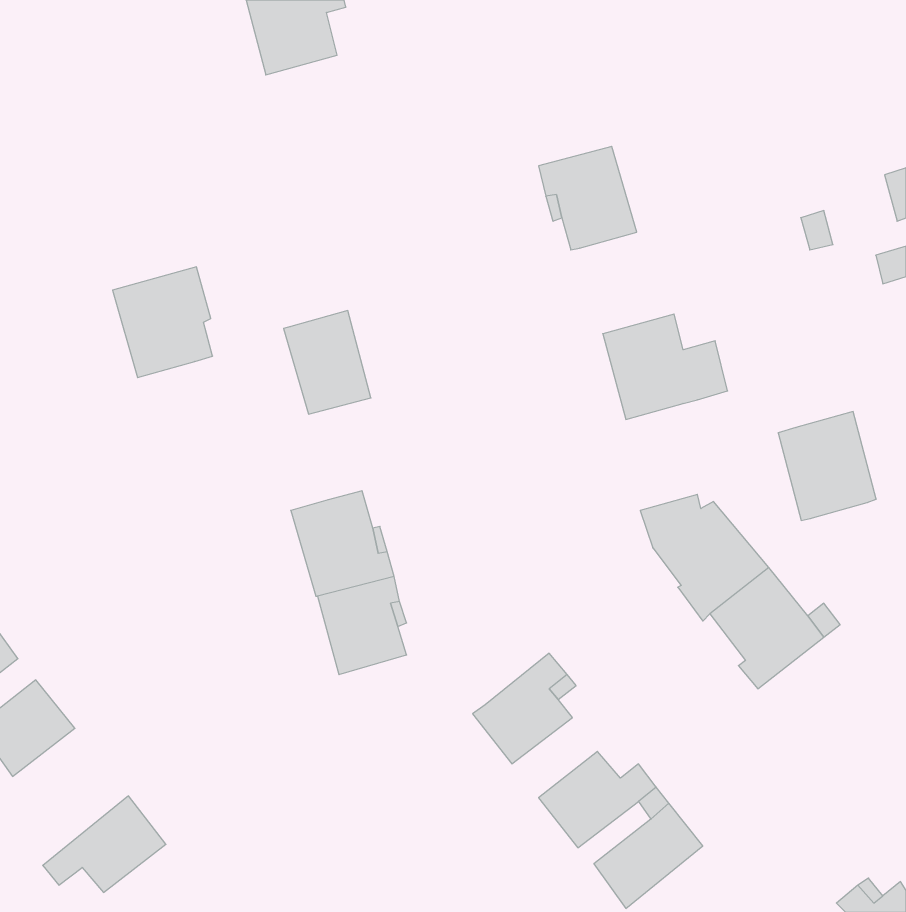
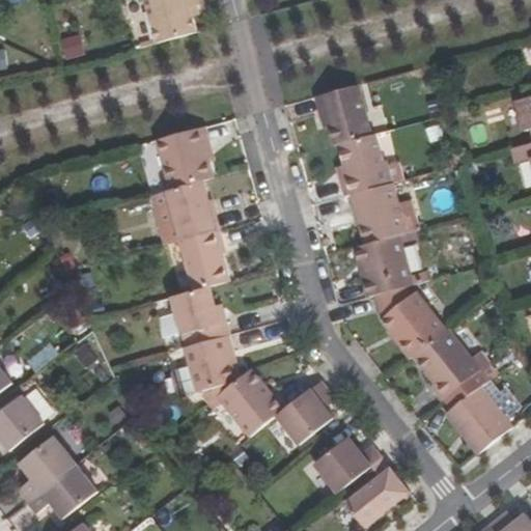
building: none -> [337,134,392,195]
building: [113,267,213,378] -> [155,125,213,190]
building: none -> [177,230,229,290]
building: [778,412,876,520] -> [354,234,411,298]
building: none -> [217,369,282,437]
building: none -> [445,386,511,454]
building: none -> [16,436,75,503]

